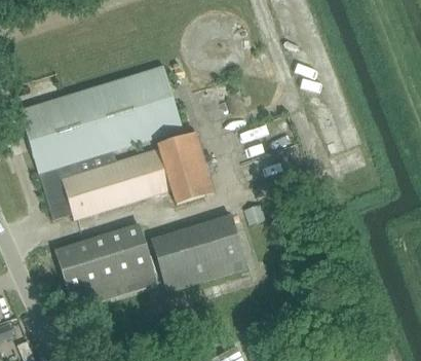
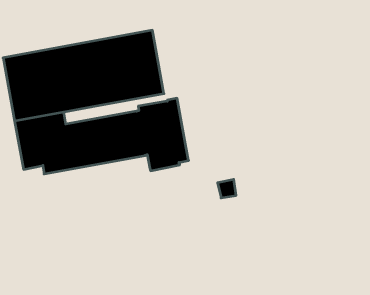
building: [151,213,247,292] -> none
building: [54,222,157,309] -> none

